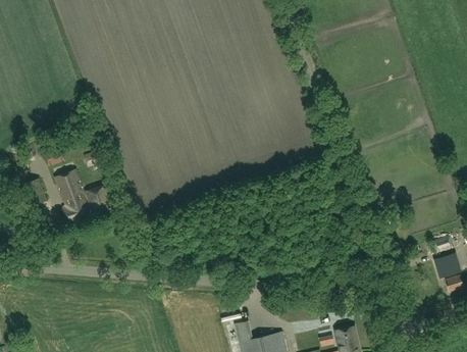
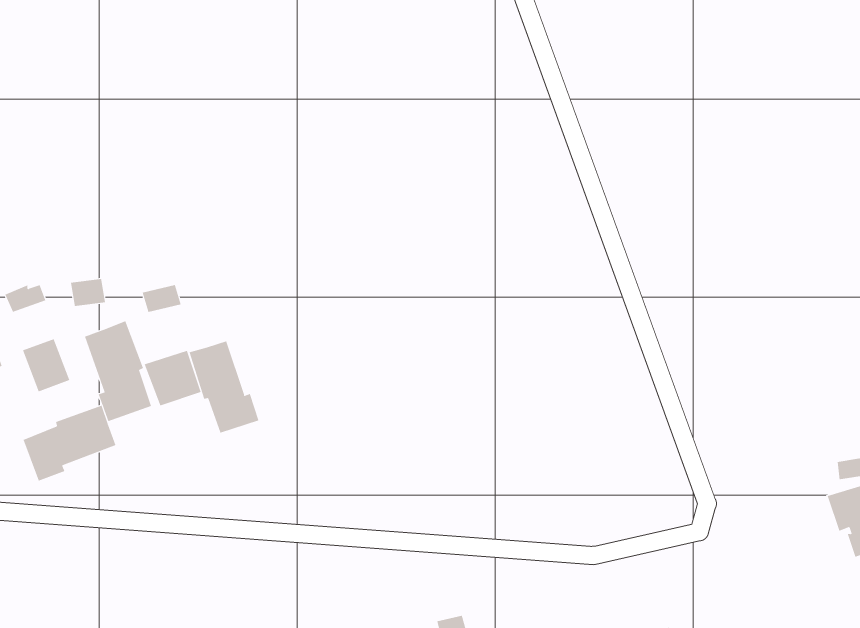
building: none -> [189,340,259,433]
building: none -> [23,405,116,482]

